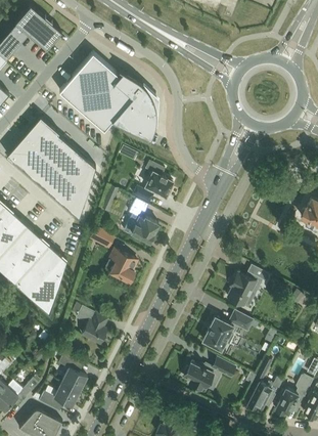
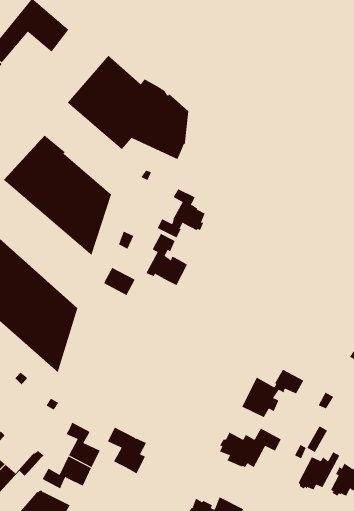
building: [104,251,136,281] -> none
building: [227,265,269,306] -> none
building: [75,306,107,345] -> [107,427,147,474]

